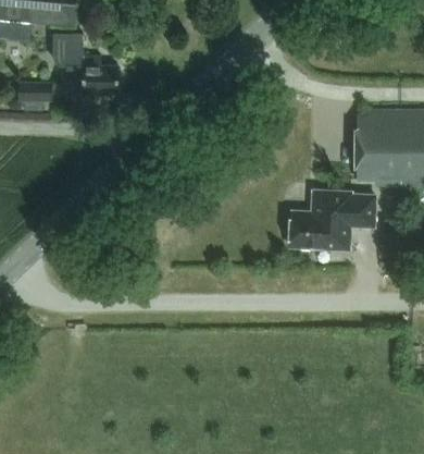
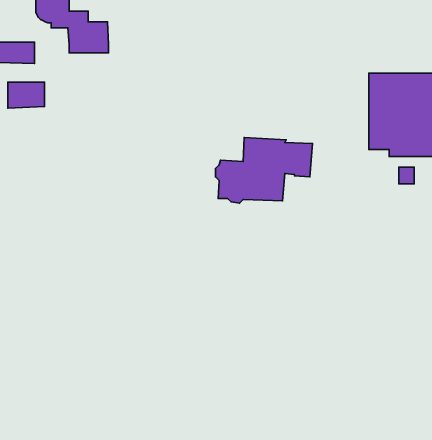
building: none -> [8,82,44,108]
building: [287,191,375,250] -> [216,138,312,203]

